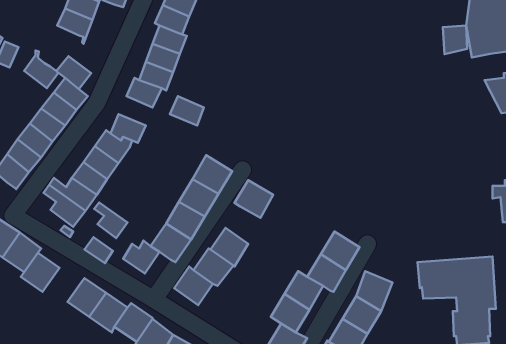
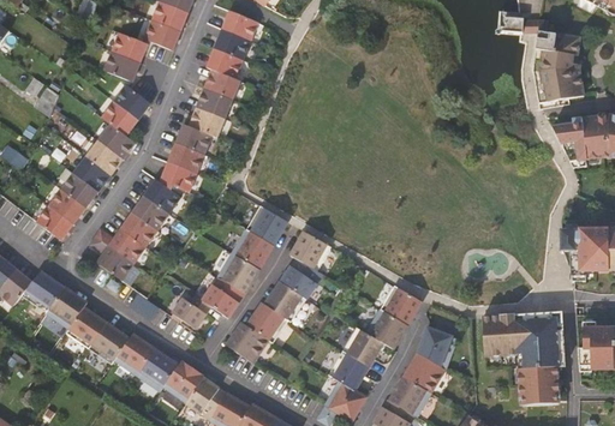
building: [443,26,467,54] -> none
building: [24,50,58,88] -> [114,79,150,119]
building: [170,96,204,126] -> [167,143,203,174]
building: [94,202,127,238] -> none
building: none -> [280,259,320,299]
building: none -> [86,324,127,365]

